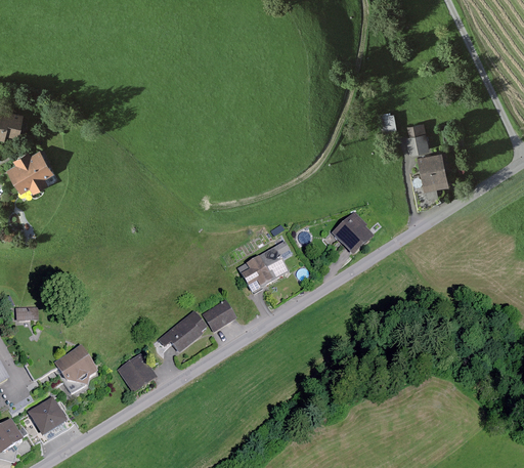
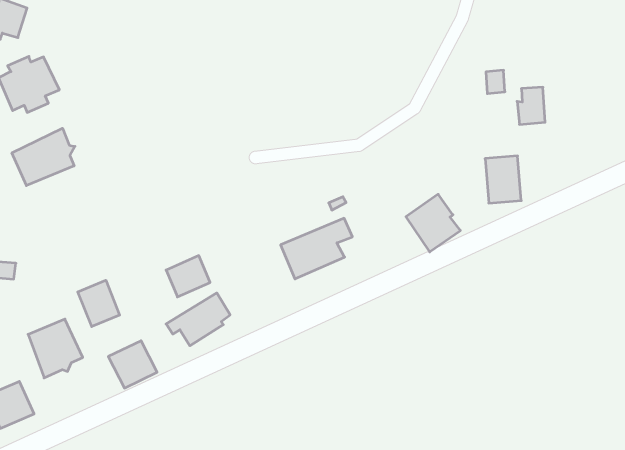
building: [417,150,448,188] -> [485,156,521,203]
building: none -> [12,128,75,186]
building: [202,300,236,334] -> [166,256,210,297]
building: none -> [78,280,120,327]

